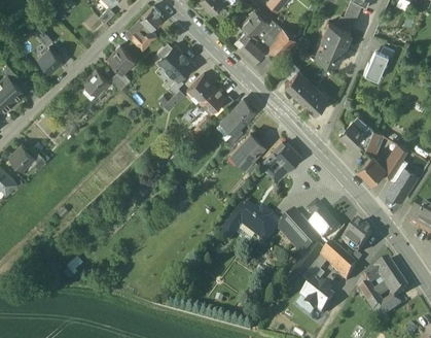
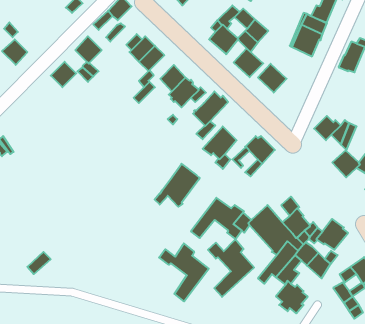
building: [300,87,329,114] -> [234,49,263,77]
building: none -> [155,164,200,207]
building: none -> [208,239,254,297]
building: none -> [159,243,209,301]

